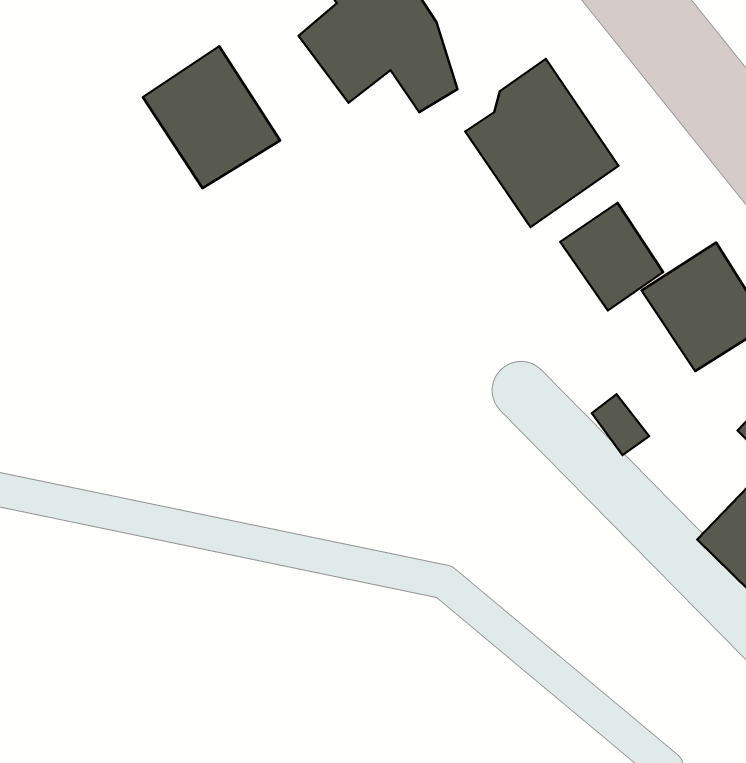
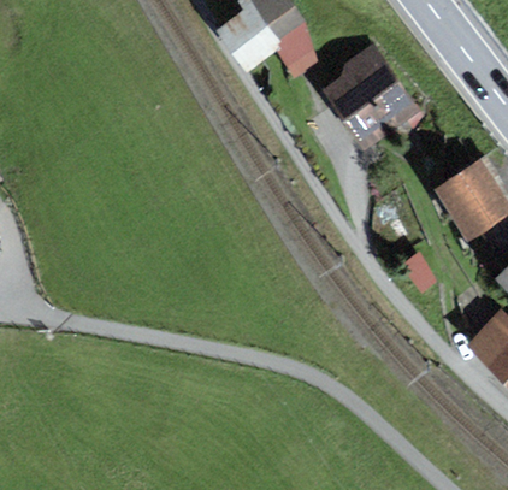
building: [143,46,280,188] -> none
building: [560,203,663,310] -> none

